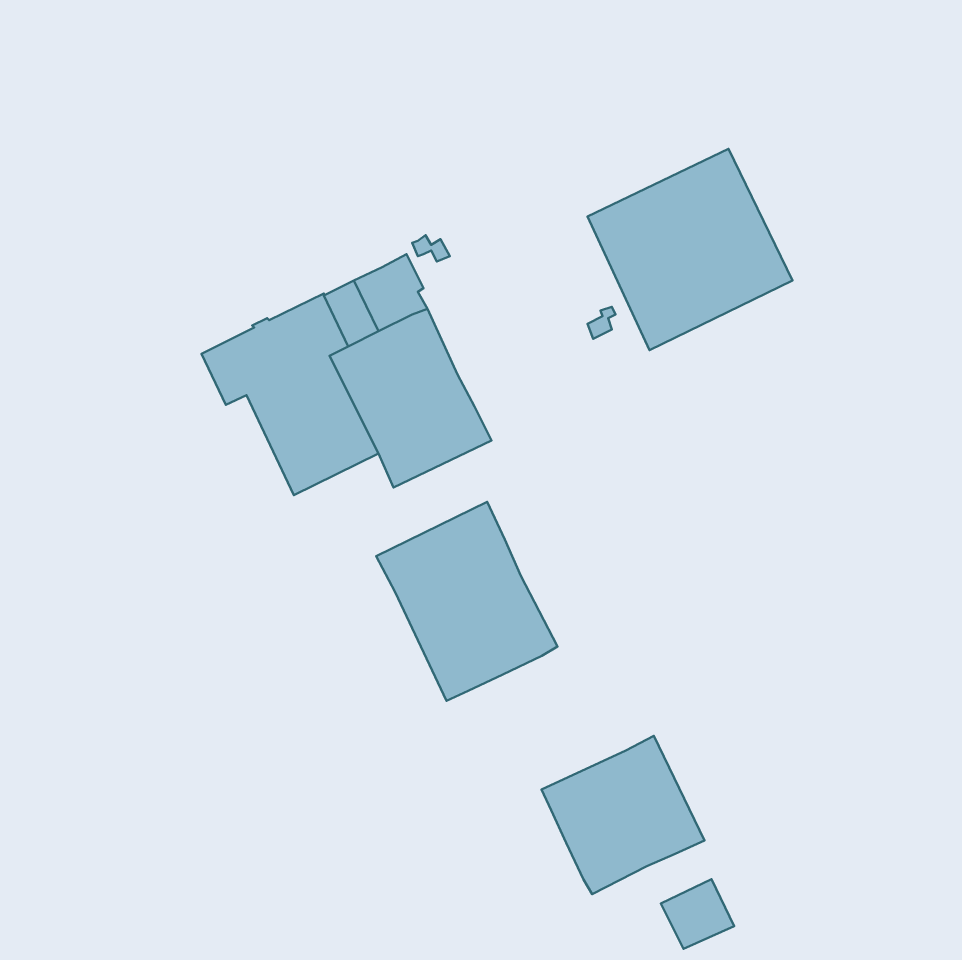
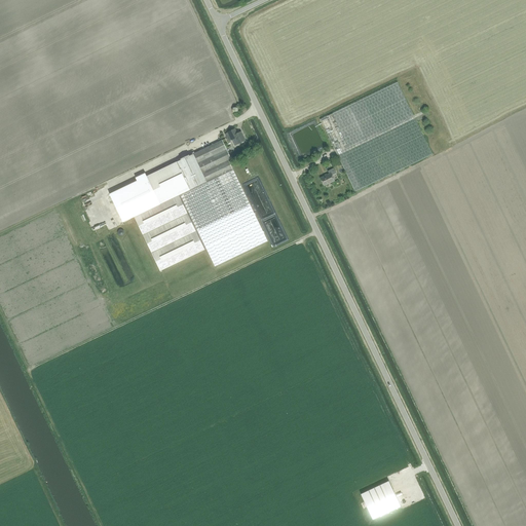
building: [376,502,557,701] -> none
building: [541,736,704,894] -> none

